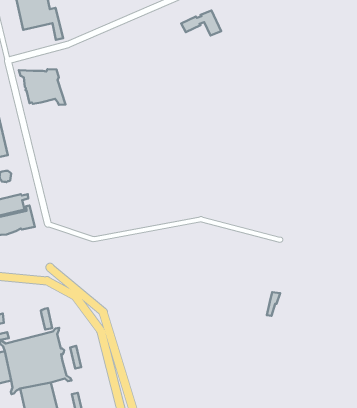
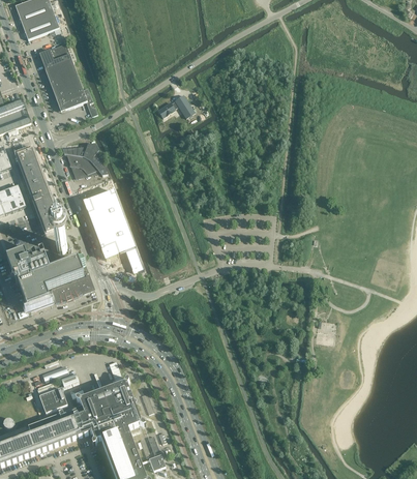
building: [181,11,221,35] -> [157,94,195,117]
building: none -> [83,190,144,272]

